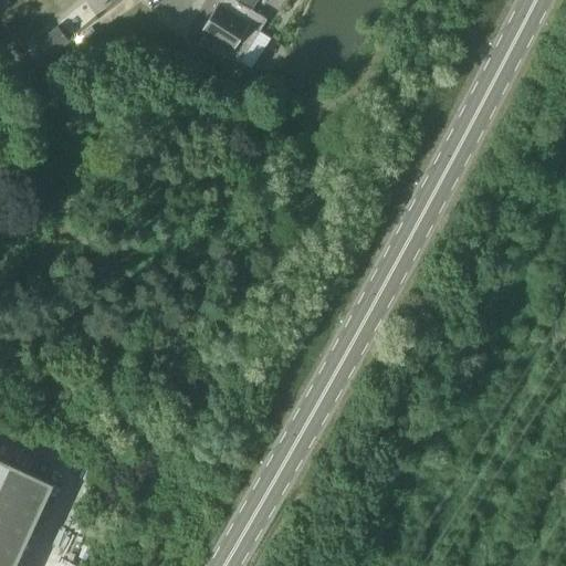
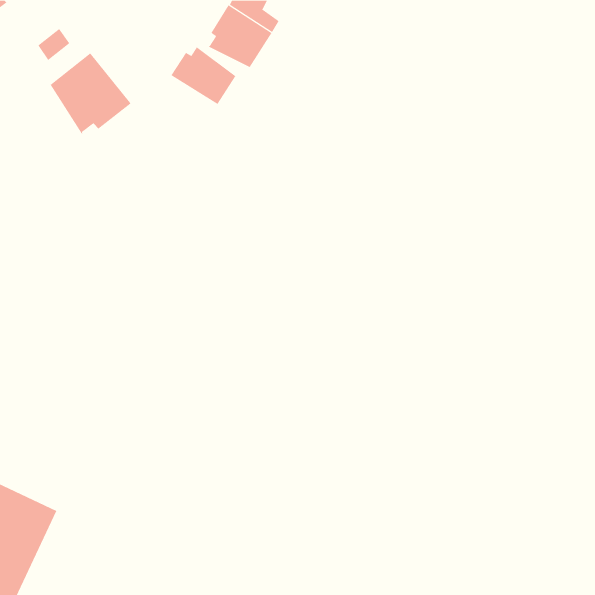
building: none -> [171,46,236,105]
building: none -> [50,53,131,134]

